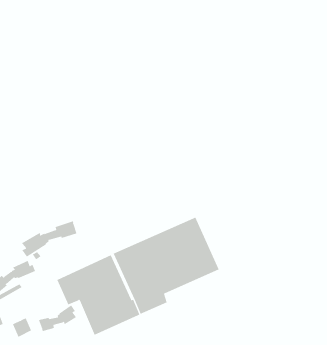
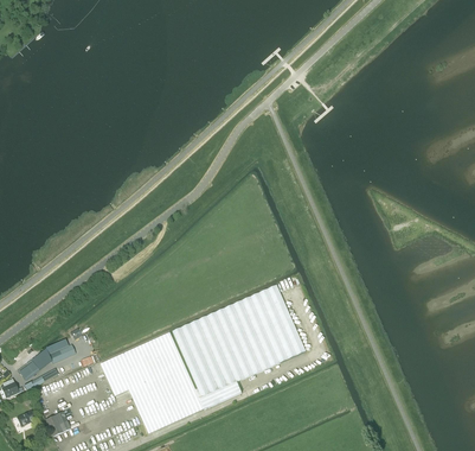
building: [21,221,77,257] -> none
building: [38,304,77,332] -> none

